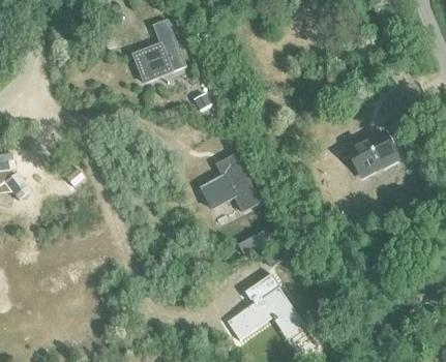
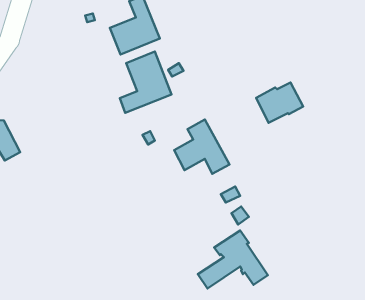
building: none -> [120,51,171,113]
building: [347,131,397,175] -> [256,83,303,123]

